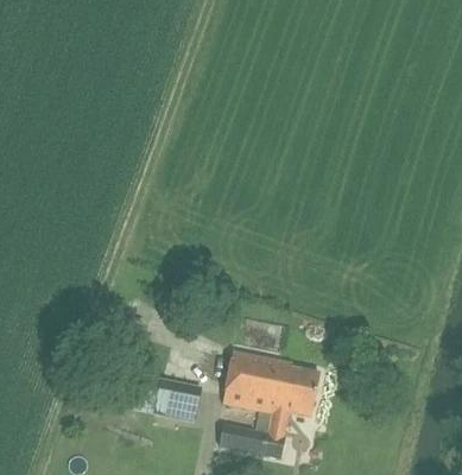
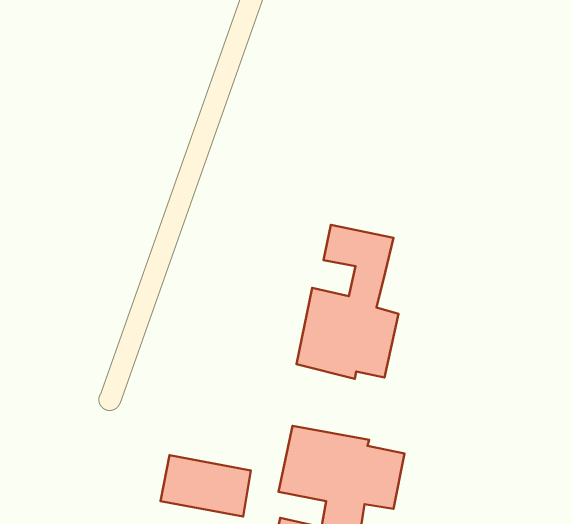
building: none -> [297,225,398,379]

